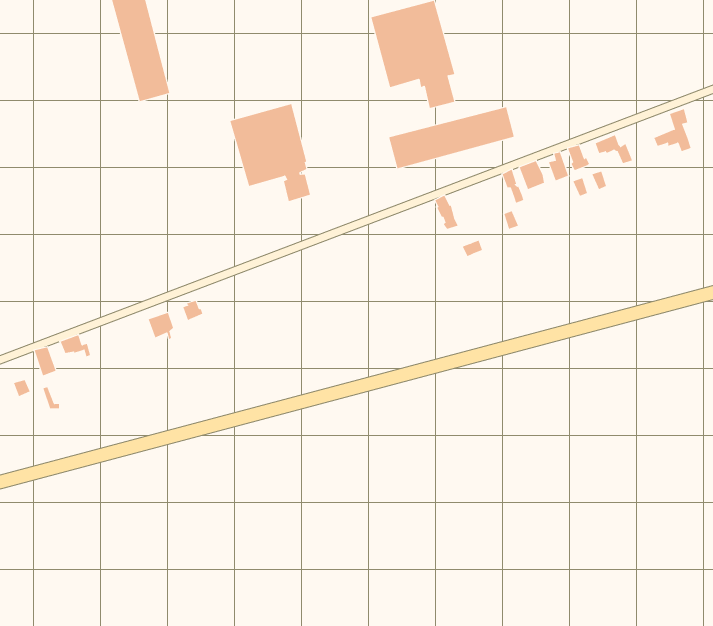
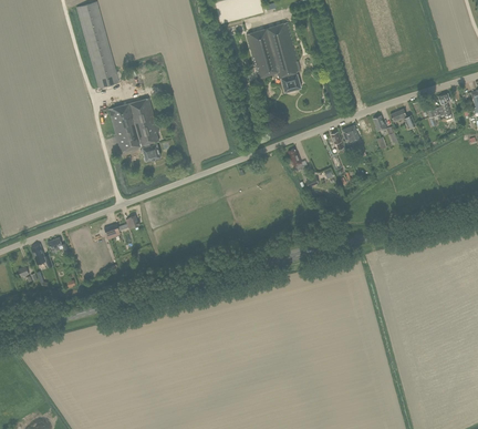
building: [230,104,311,202] -> [108,98,160,161]
building: [388,106,514,169] -> none

